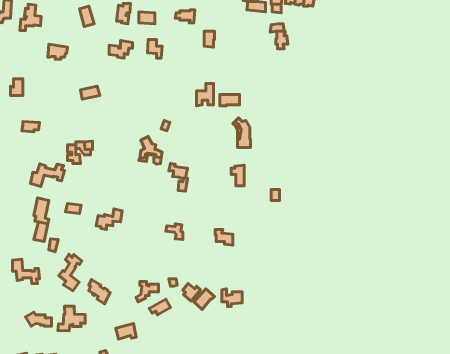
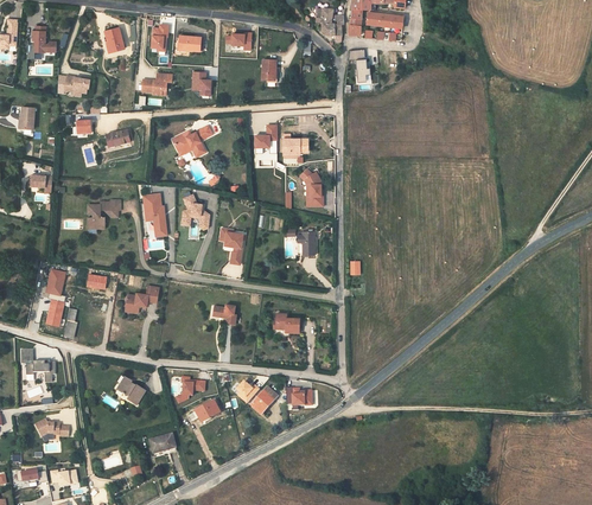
building: none -> [172,126,211,156]
building: none -> [142,199,166,238]
building: [31,164,65,186] -> none
building: [59,254,82,291] -> none
building: [58,306,85,331] -> none

